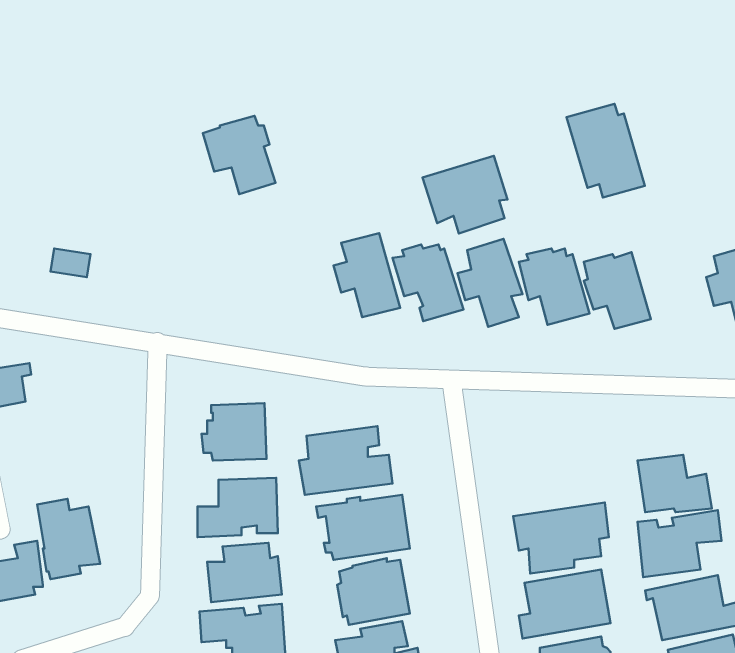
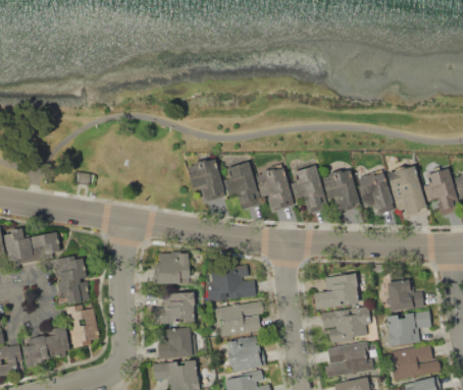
building: [567,104,645,197] -> [387,167,428,217]
building: [203,116,275,194] -> [187,159,225,201]
building: [422,156,507,234] -> none
building: none -> [55,255,91,307]
building: none -> [314,274,364,310]

